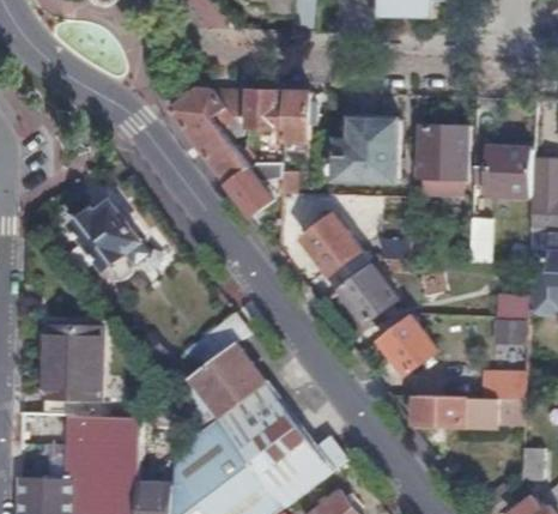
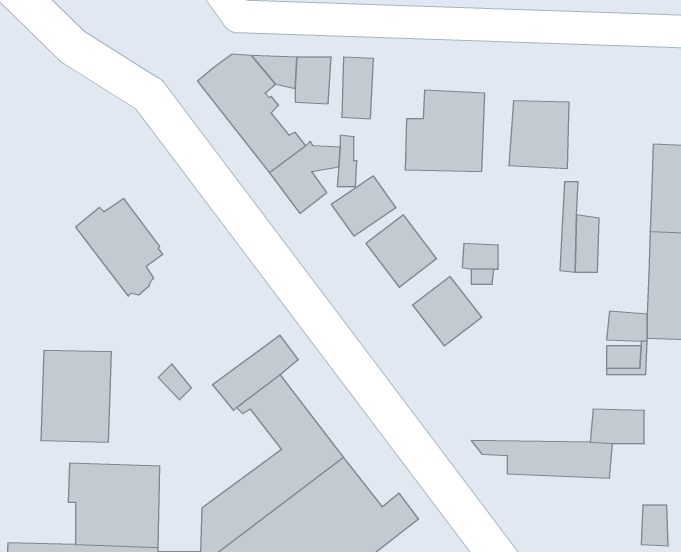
building: [472,149,532,195] -> none
building: [378,316,435,373] -> none

